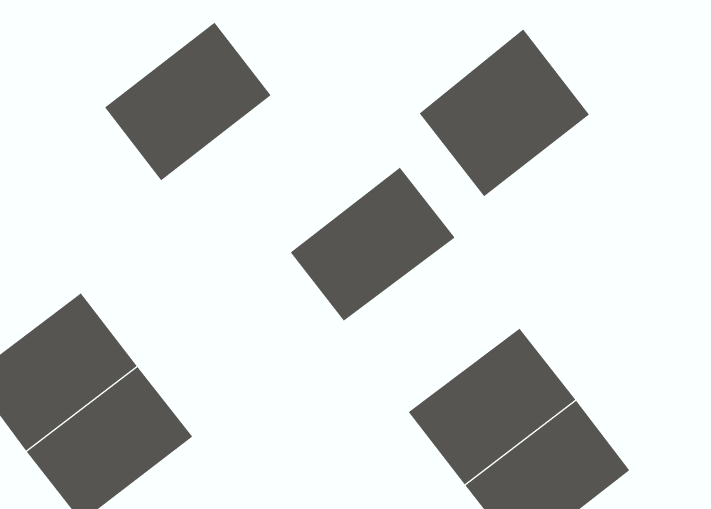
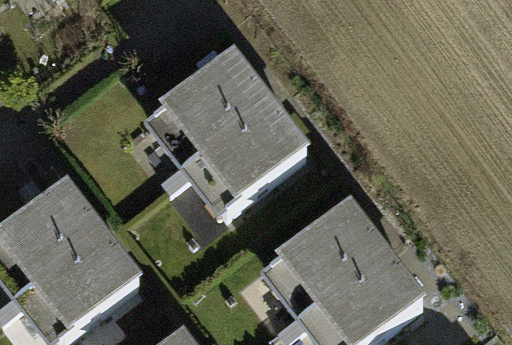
building: [104,22,271,181] -> [158,64,267,168]
building: [419,29,590,197] -> none

